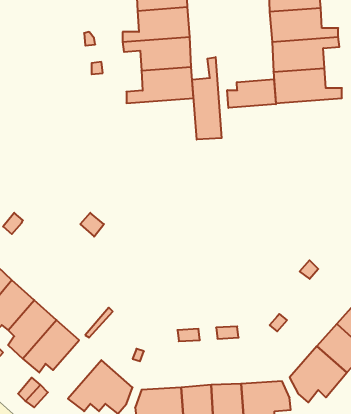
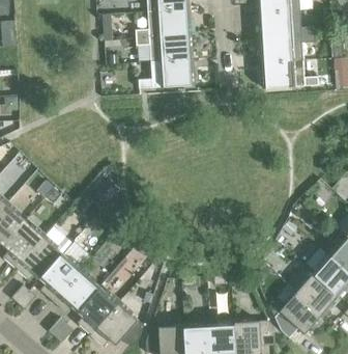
building: [192,57,222,140] -> none
building: [227,79,276,108] -> none
building: none -> [77,285,117,334]

